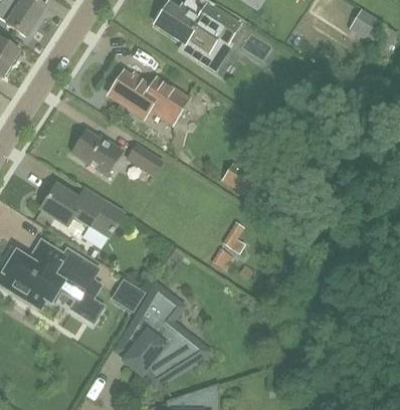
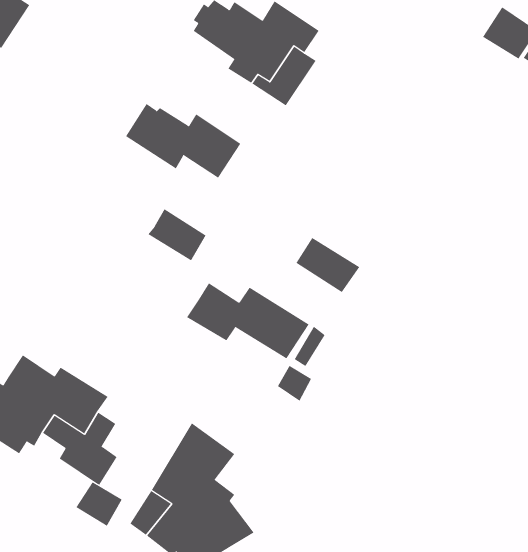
building: [71,131,122,174] -> none
building: [40,184,123,235] -> [186,282,310,359]
building: [113,280,144,311] -> [76,481,122,527]

